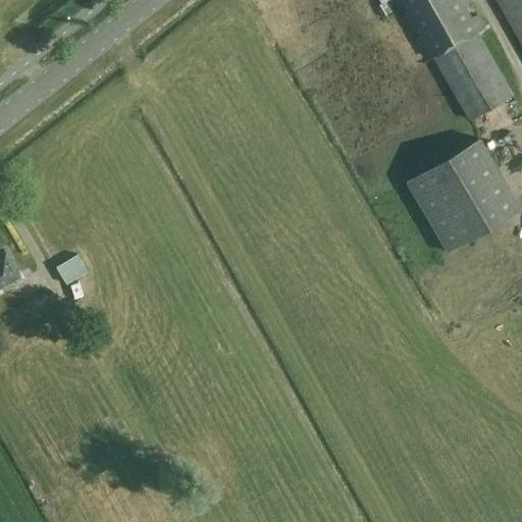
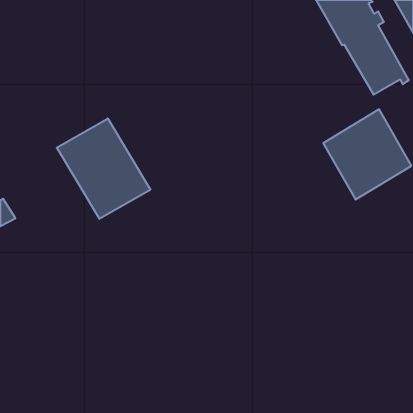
building: none -> [57,118,150,219]
building: [57,253,89,283] -> none

